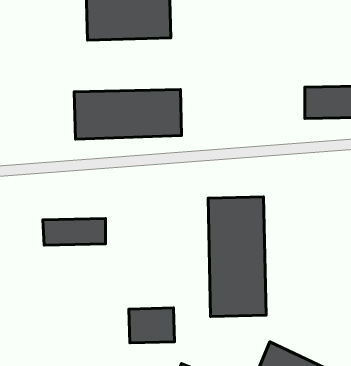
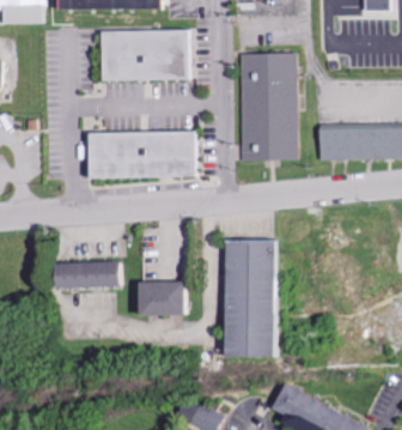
building: none -> [237,54,297,162]
building: [129,308,175,343] -> [141,280,187,315]

